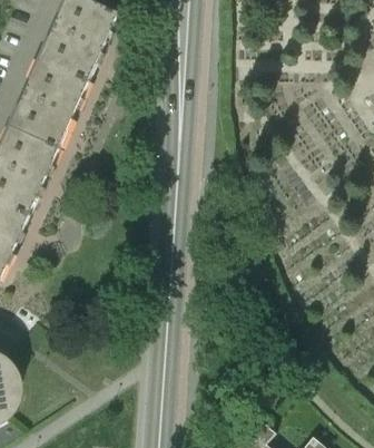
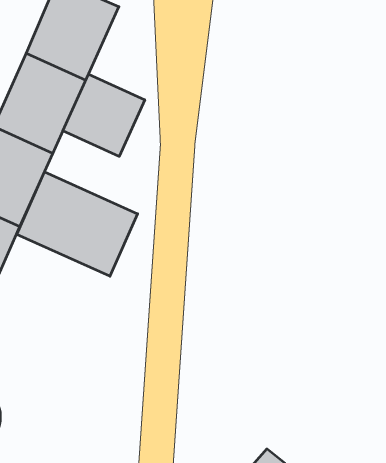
building: none -> [63,74,145,156]
building: none -> [17,172,138,276]

